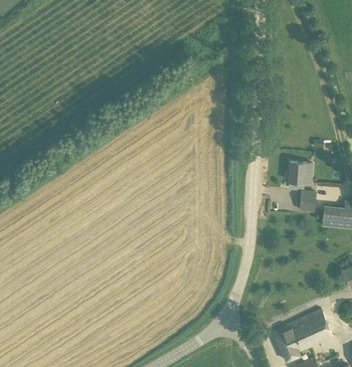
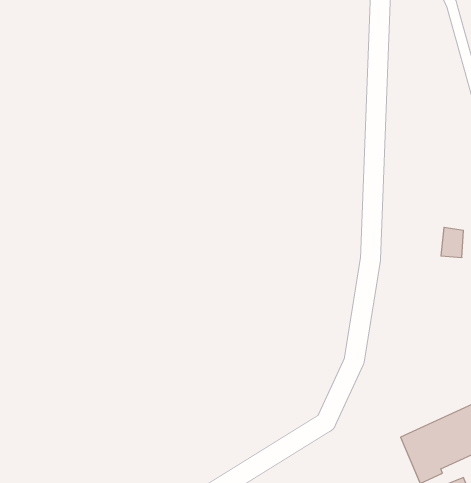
building: [287,162,312,189] -> none

